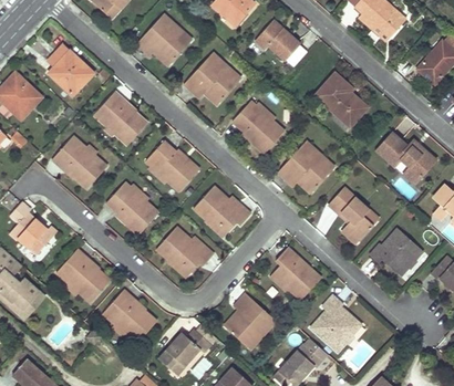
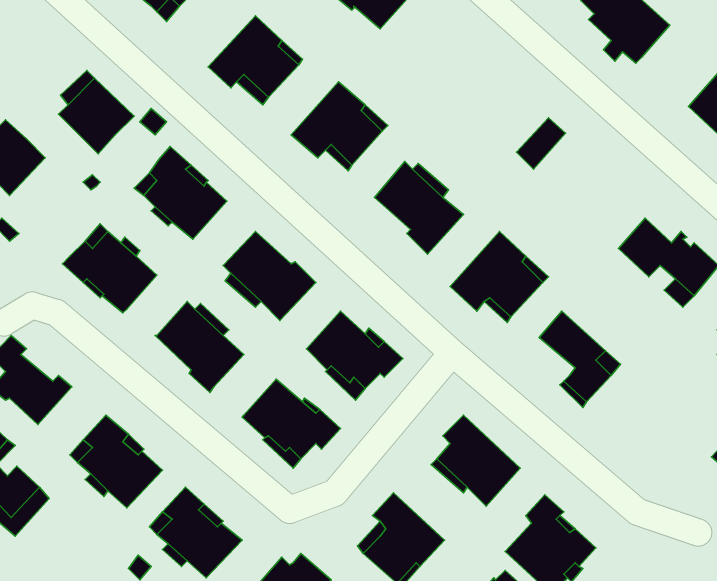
building: [256,20,299,60] -> none
building: [327,83,367,125] -> none
building: [369,227,424,277] -> none

